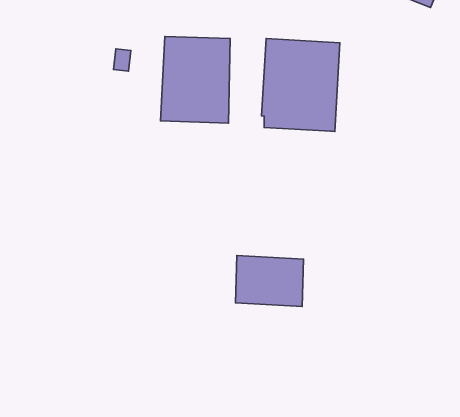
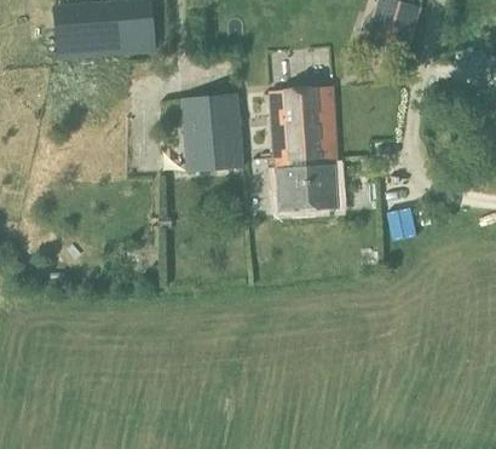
building: [236,256,303,306] -> [276,163,338,208]

